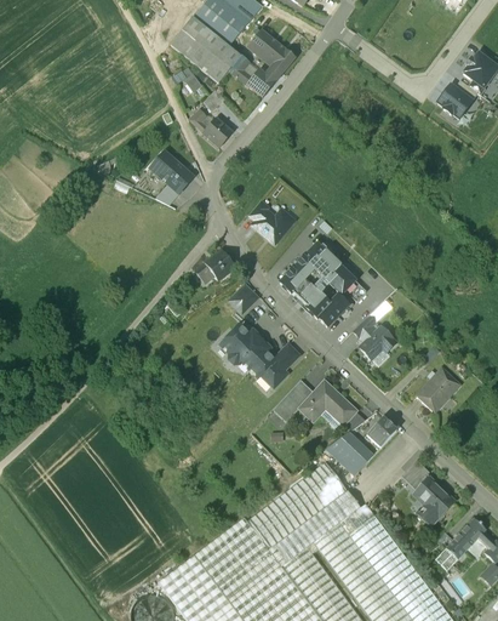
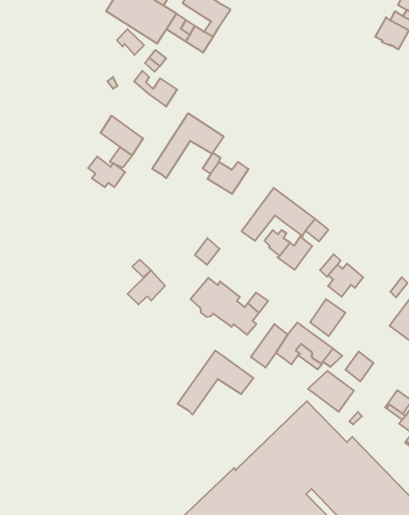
building: none -> [152,113,224,178]
building: none -> [88,156,125,187]
building: [195,251,234,284] -> [127,270,165,305]
building: none -> [310,299,345,336]
building: none -> [178,351,253,415]

